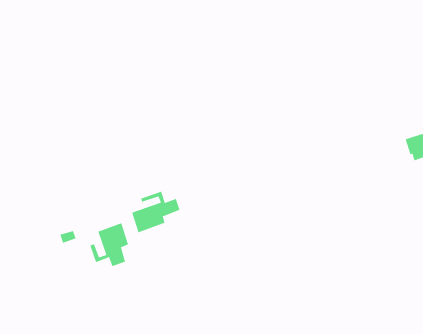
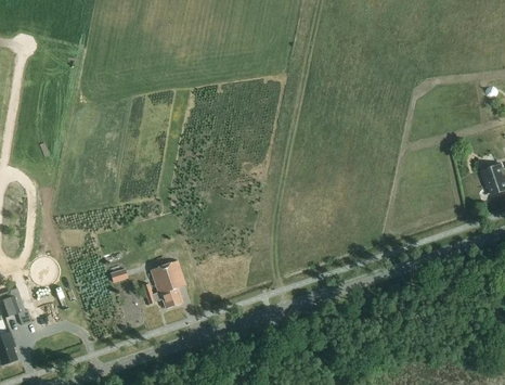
building: [132,191,180,233] -> none

